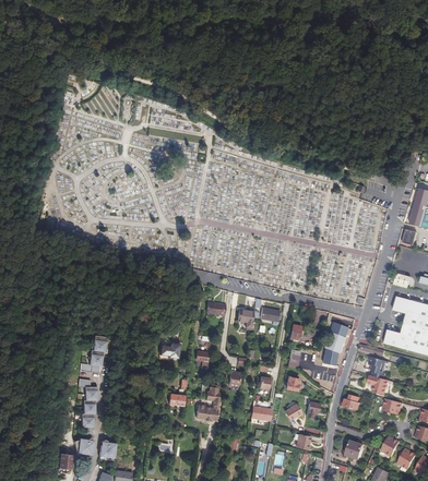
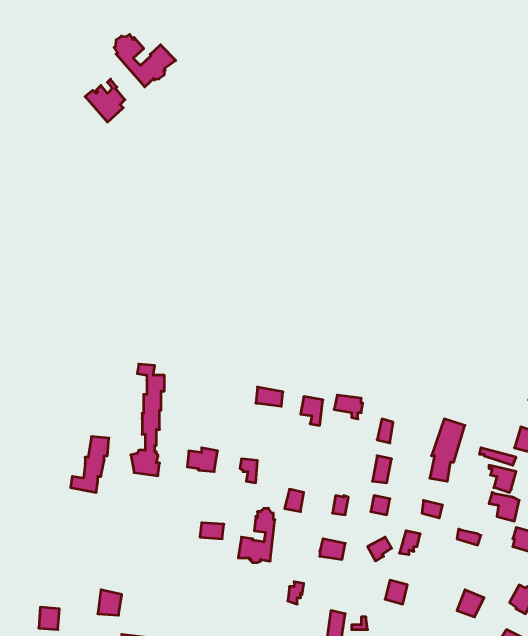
building: none -> [114,34,176,87]
building: [74,378,97,455] -> [131,364,164,476]

